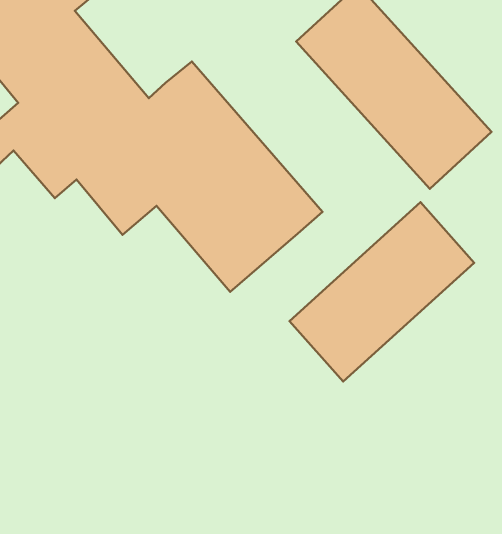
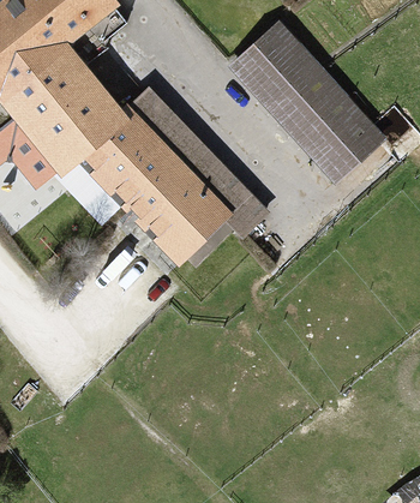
building: [289,202,474,382] -> none

